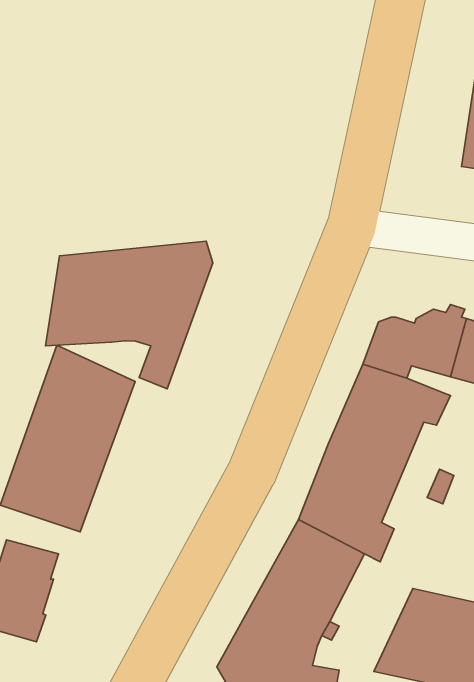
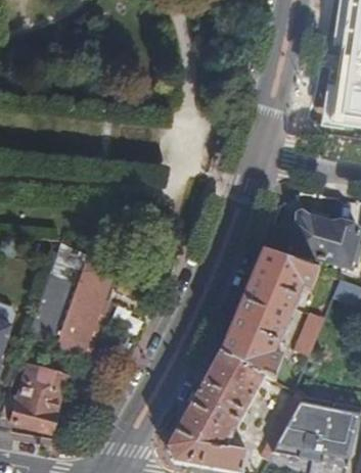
building: [46,241,213,389] -> none

